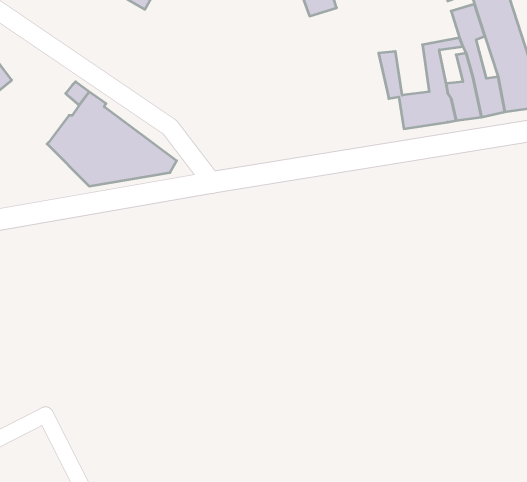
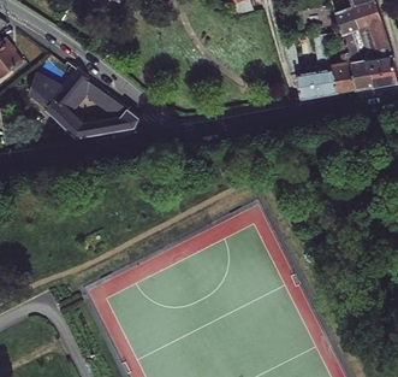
building: none -> [29,72,61,106]

